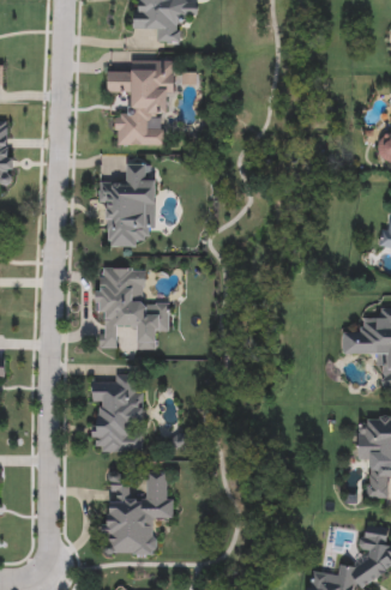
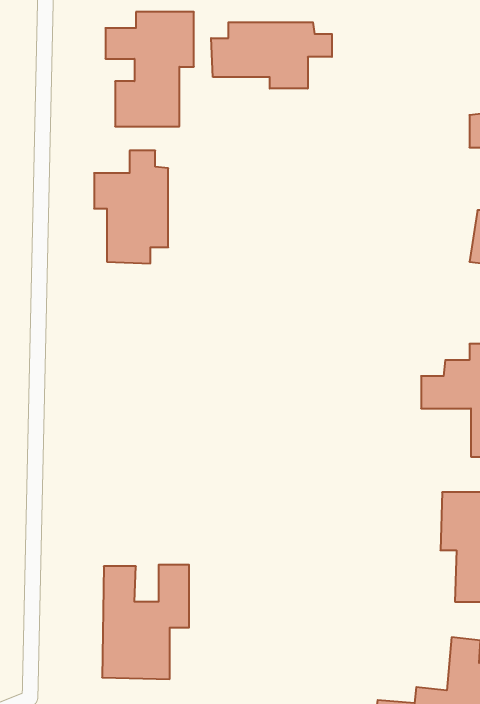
building: none -> [211,22,332,89]
building: [97,267,169,349] -> none
building: [91,374,143,453] -> none

